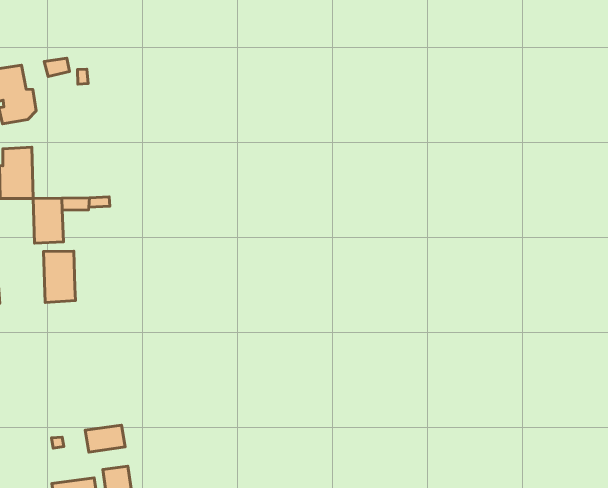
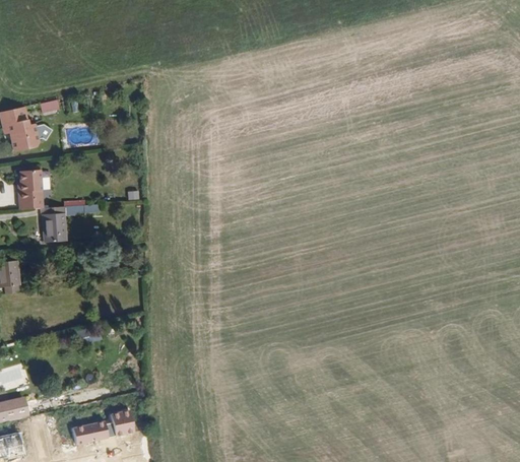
building: [43,251,75,303] -> none
building: [85,425,125,452] -> none

